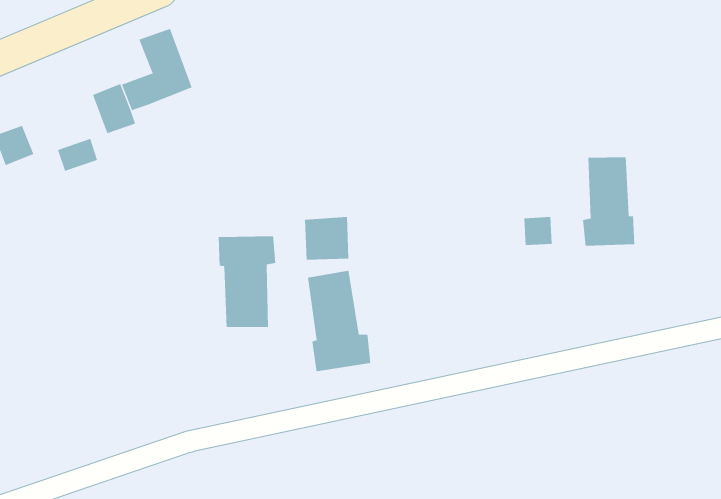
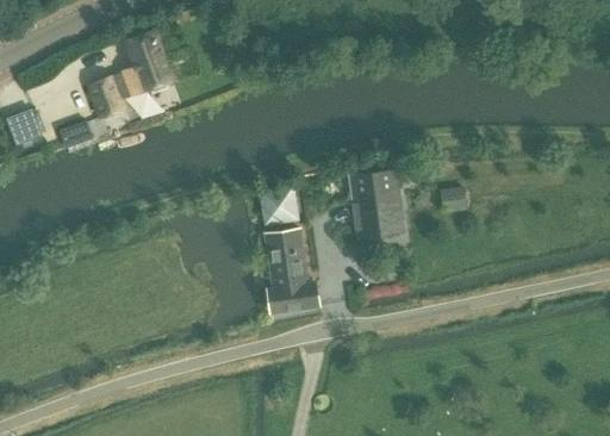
building: [583,156,635,247] -> none
building: none -> [348,168,404,239]
building: [218,235,276,328] -> none

